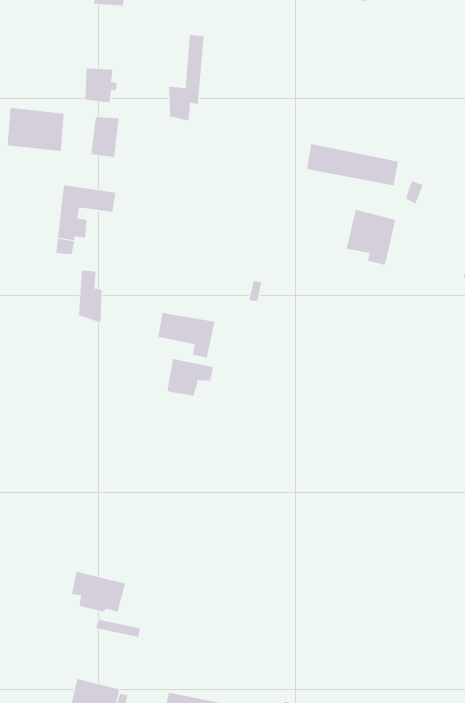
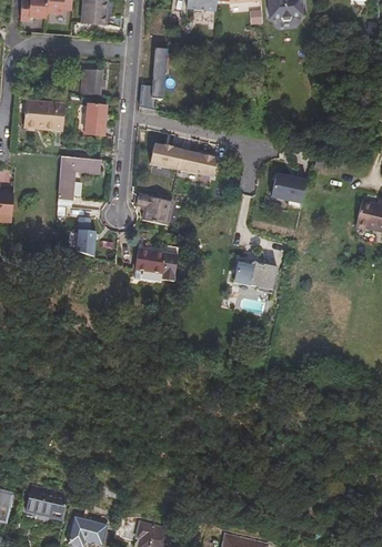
building: [306,143,399,186] -> [148,143,215,174]
building: none -> [137,193,173,225]
building: none -> [234,259,279,292]
building: [167,358,214,397] -> none
building: [71,571,126,612] -> [28,483,68,513]

